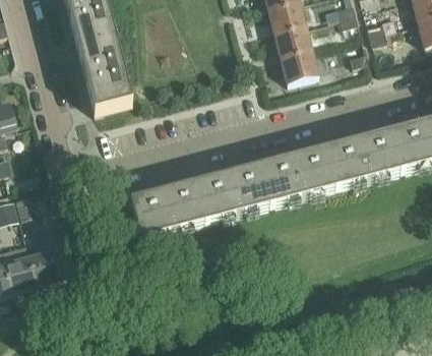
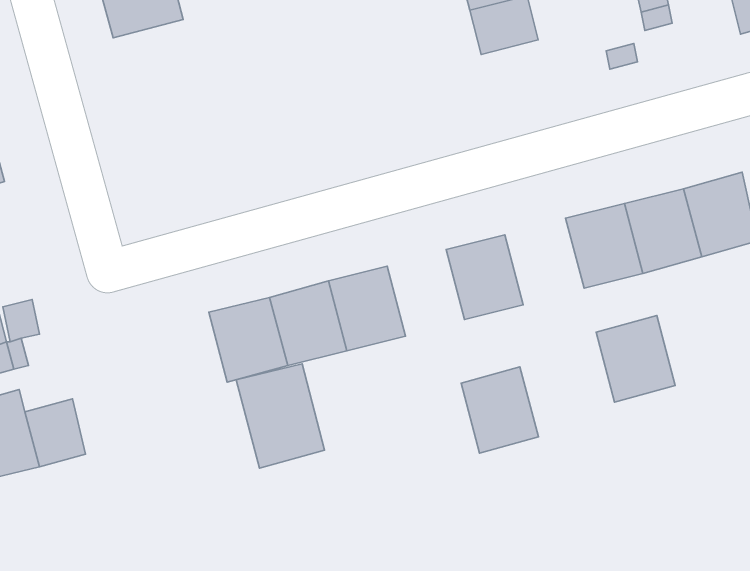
building: [77,39,132,114] -> none
building: [281,50,318,82] -> none
building: [294,149,337,196] -> [596,315,675,402]
building: [229,166,271,214] -> [461,367,538,453]
building: none -> [236,364,324,468]

